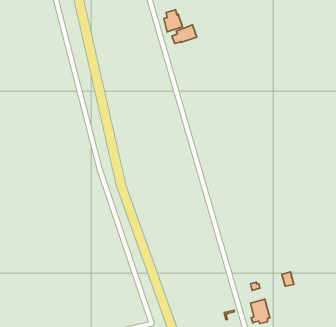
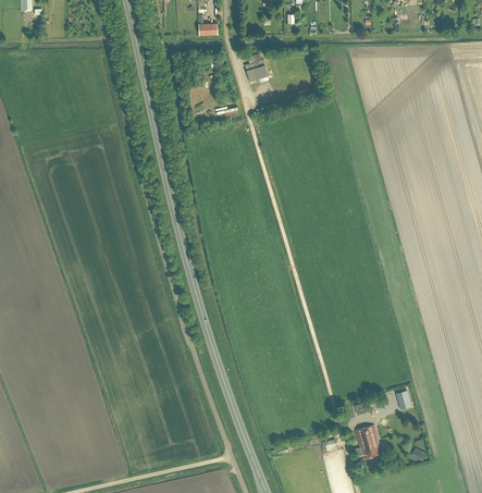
building: [172,25,197,44] -> none

